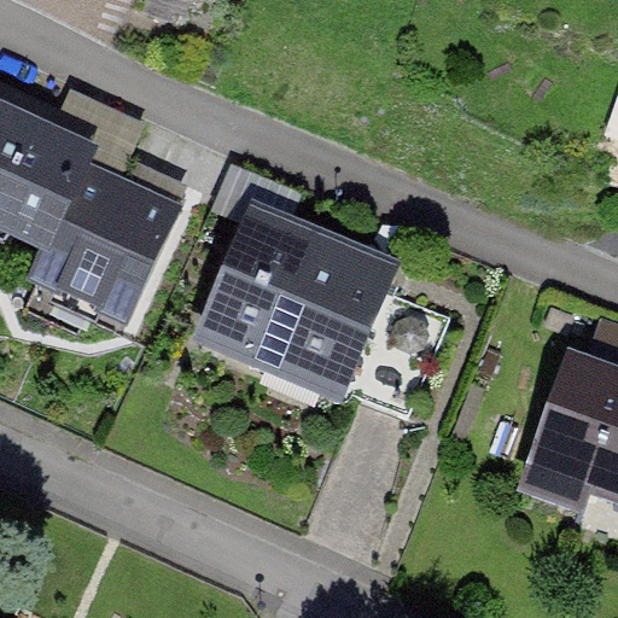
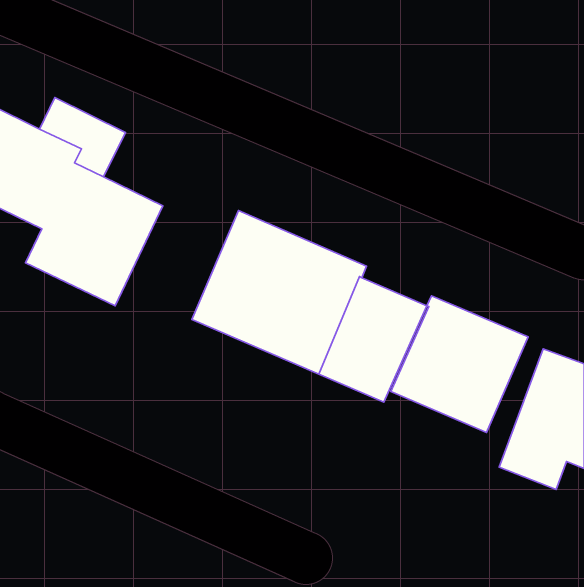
building: none -> [391,296,528,433]

